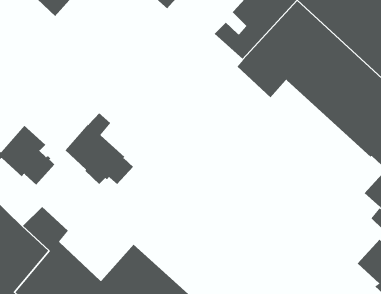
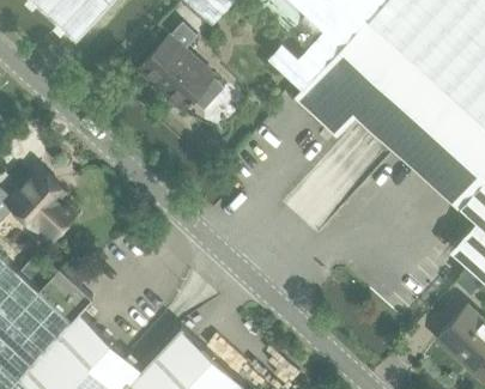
building: [65,112,134,185] -> [139,23,223,110]

